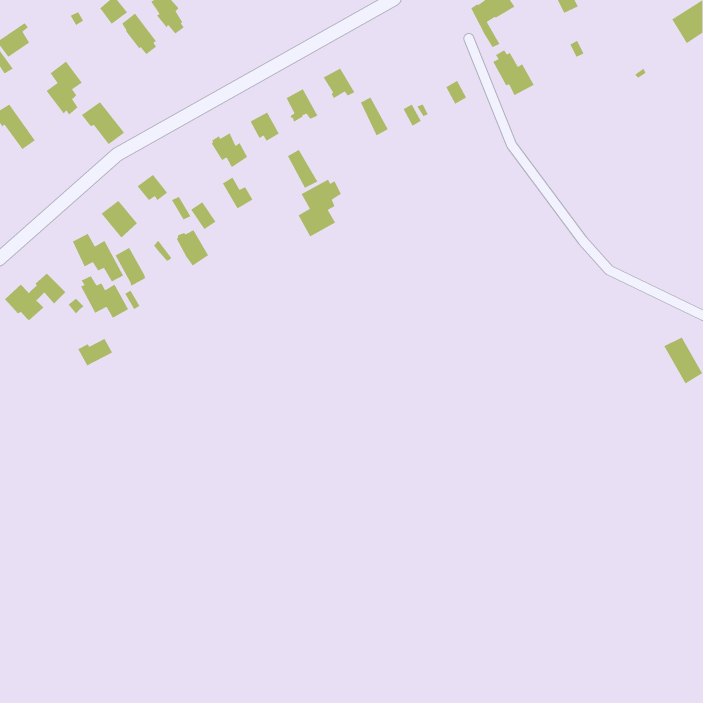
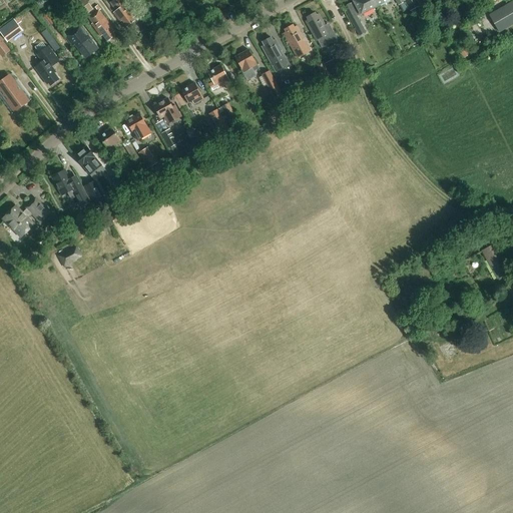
building: none -> [284,25,314,52]
building: [492,49,535,96] -> [306,13,337,47]
building: none -> [262,36,289,72]
building: [81,101,125,145] -> [65,25,97,57]
building: [298,178,342,237] -> none
building: [176,229,209,267] -> [126,112,150,139]
building: [80,275,129,319] -> none

